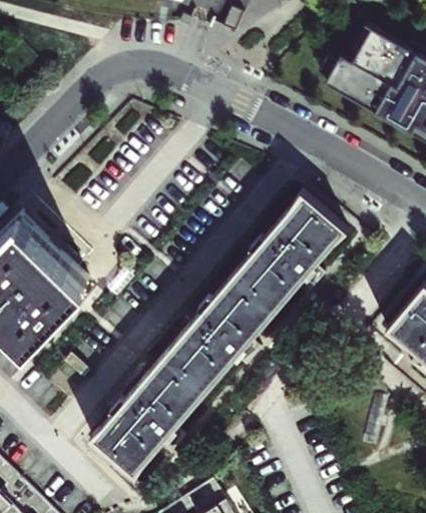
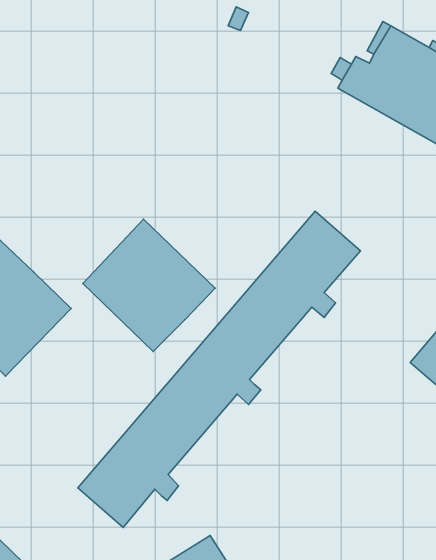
building: none -> [83,219,215,351]

